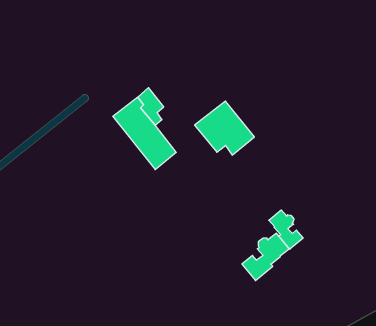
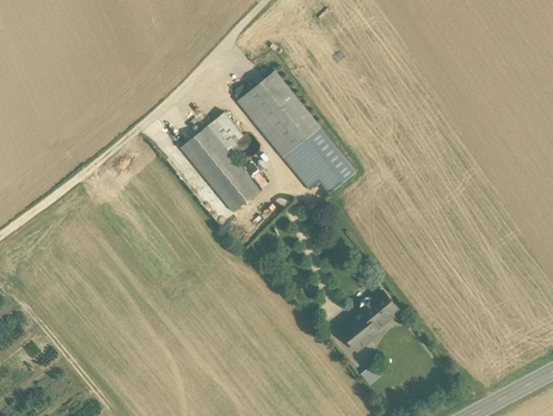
building: none -> [236,71,320,158]
building: [269,210,303,249] -> none

